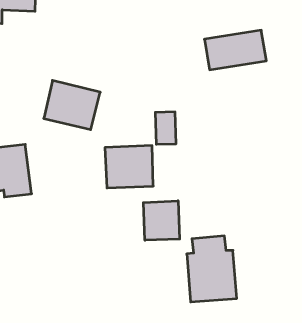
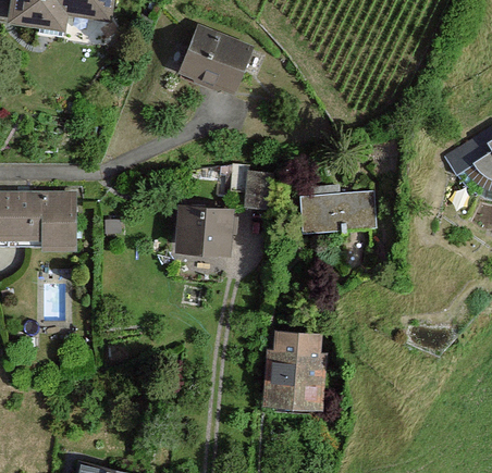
building: [204,30,266,70] -> [300,190,376,233]
building: [44,80,100,130] -> [182,26,257,94]
building: [143,201,180,240] -> none

